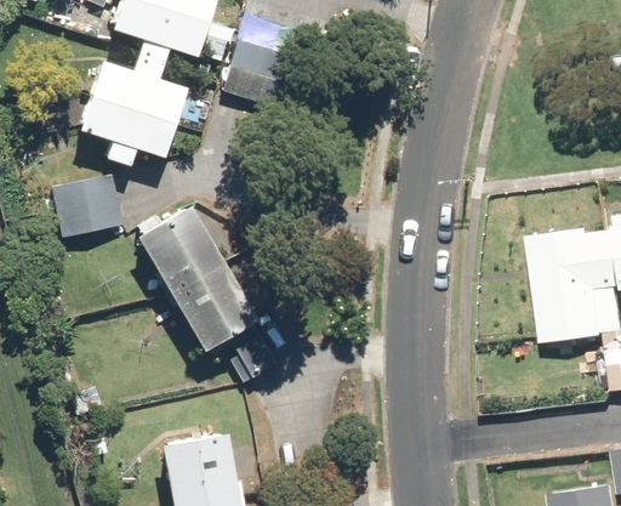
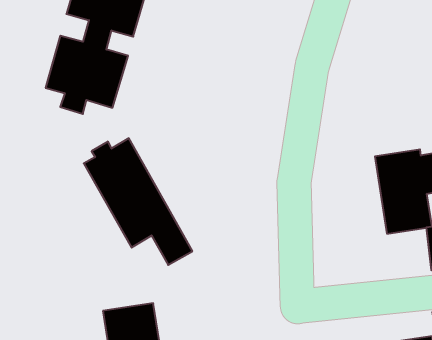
building: [223,36,294,106] -> none
building: [56,172,126,234] -> none

